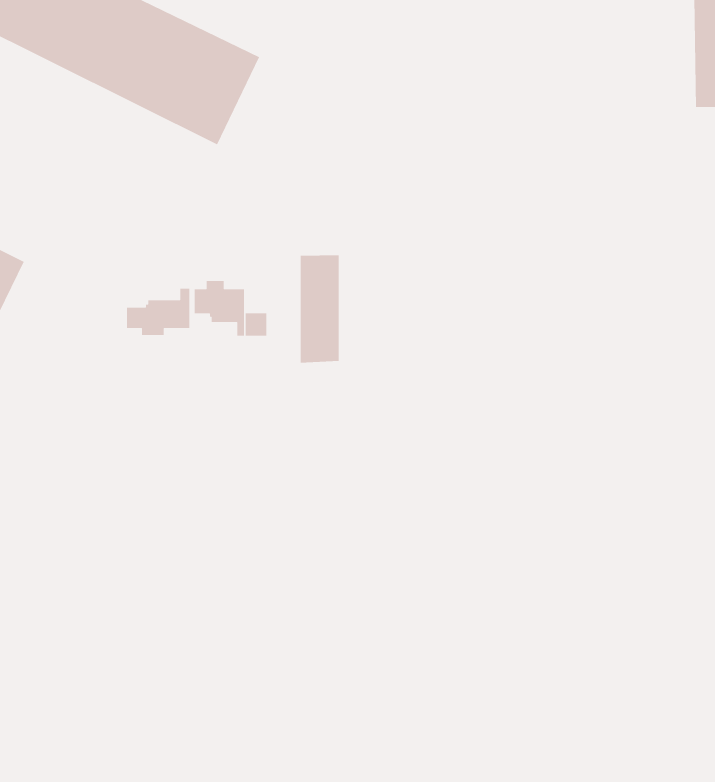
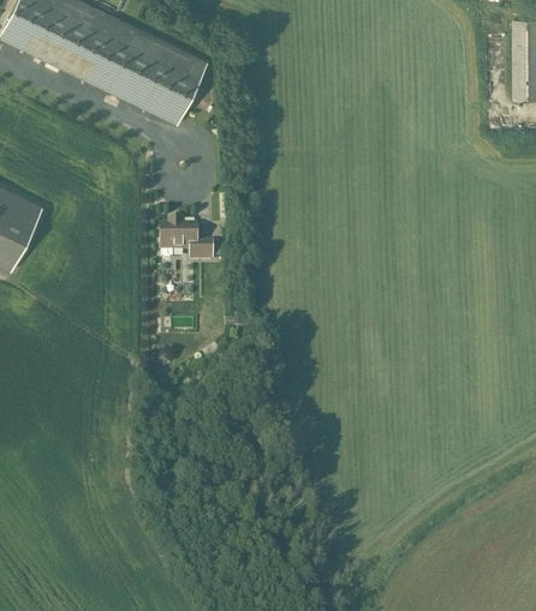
building: [300,254,340,364] -> none
building: [126,288,190,336] -> none

